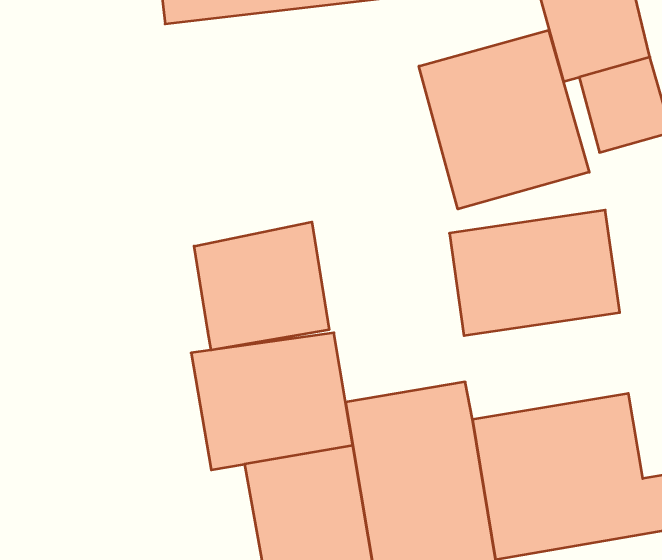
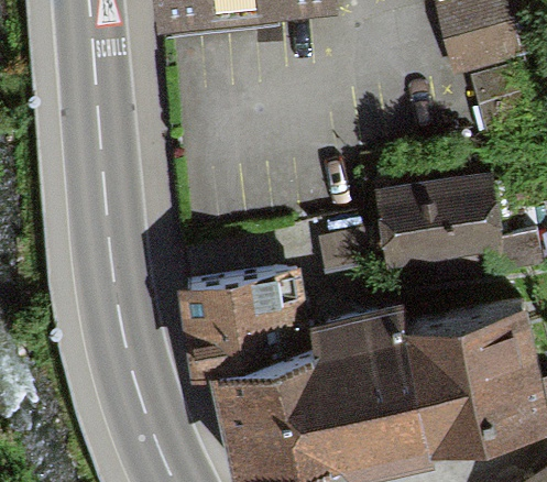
building: [419,30,589,209] -> none
building: [194,222,329,350] -> none

